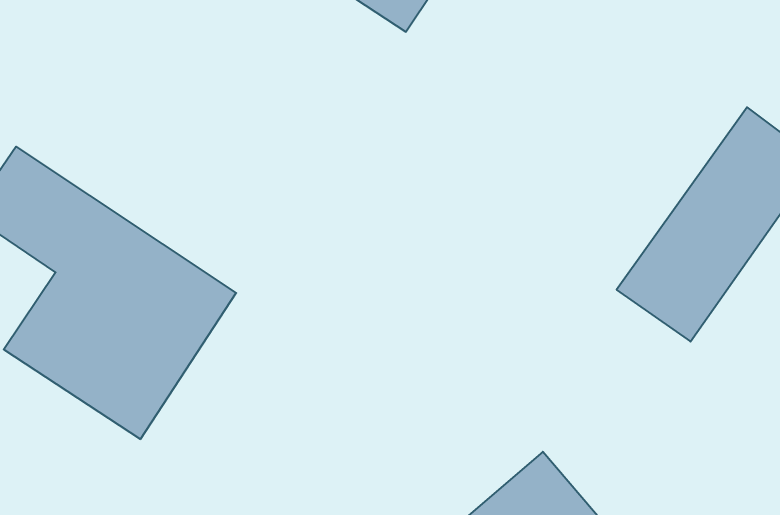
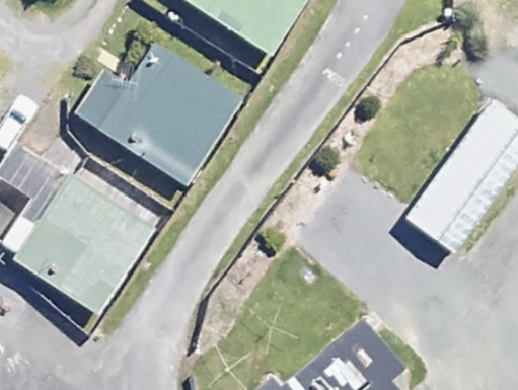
building: none -> [76,40,242,185]

